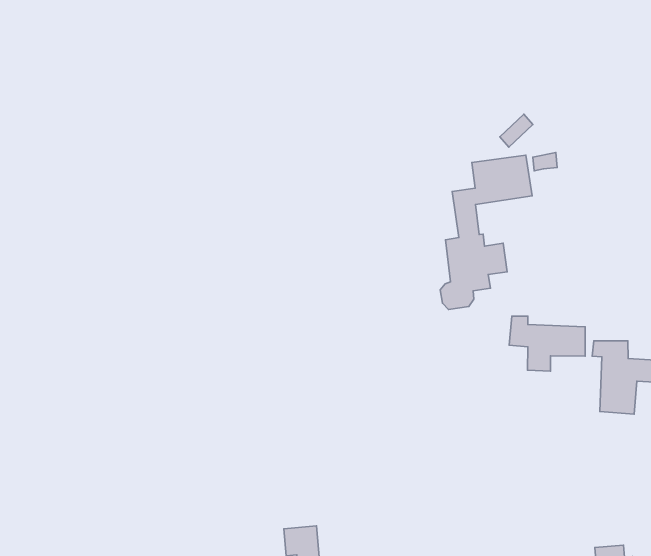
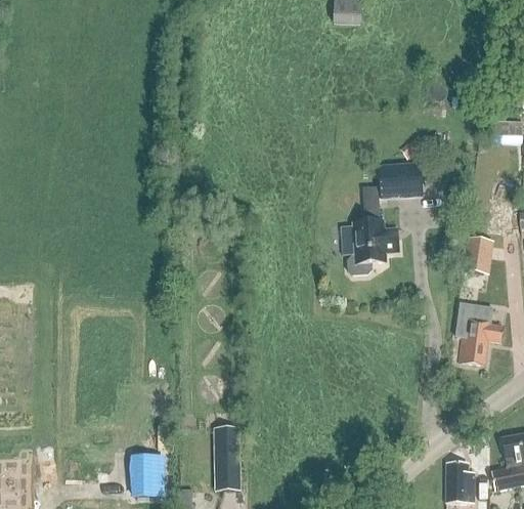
building: none -> [465,238,487,272]
building: [509,316,585,371] -> none

